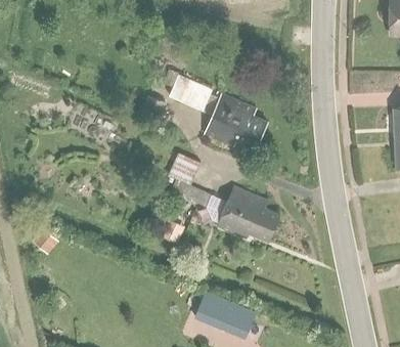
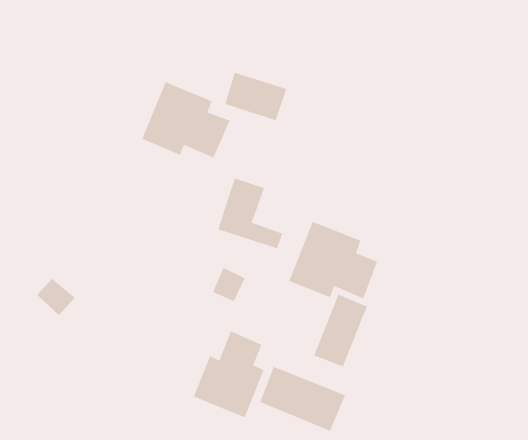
building: [204,93,269,149] -> [141,82,230,158]
building: none -> [313,294,367,367]
building: none -> [193,330,264,418]

